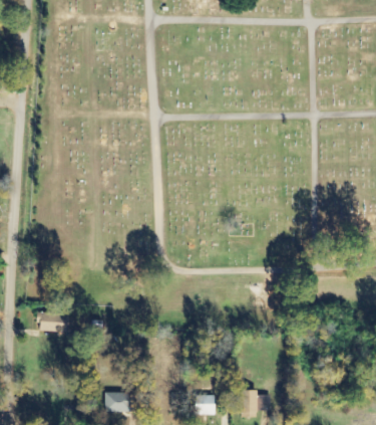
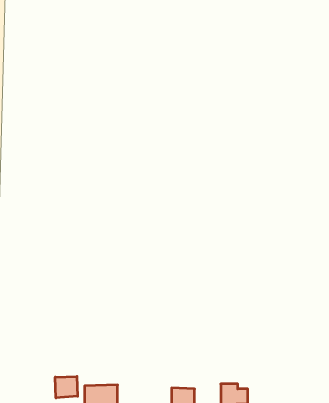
building: [40,312,70,332] -> none
building: none -> [55,376,78,398]

